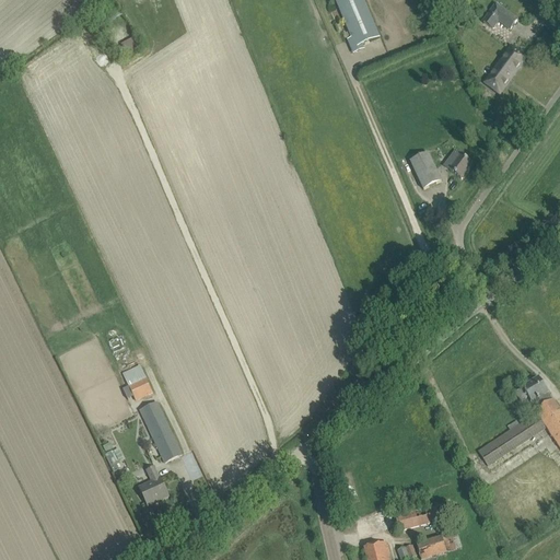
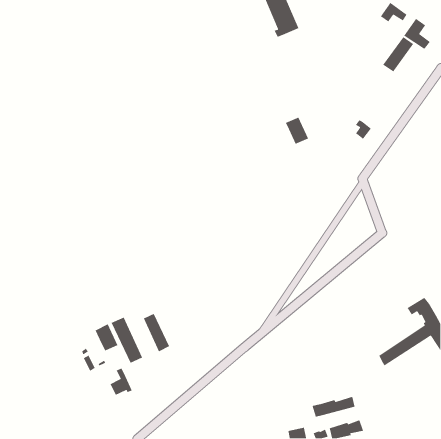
building: none -> [403,18,431,50]
building: [410,152,441,188] -> [285,117,309,145]
building: [122,364,153,400] -> [94,323,119,352]
building: none -> [143,313,170,352]

